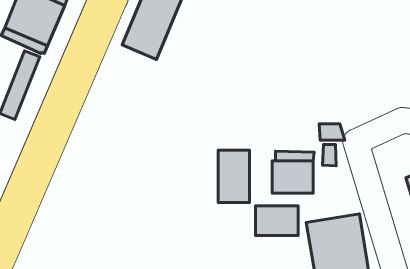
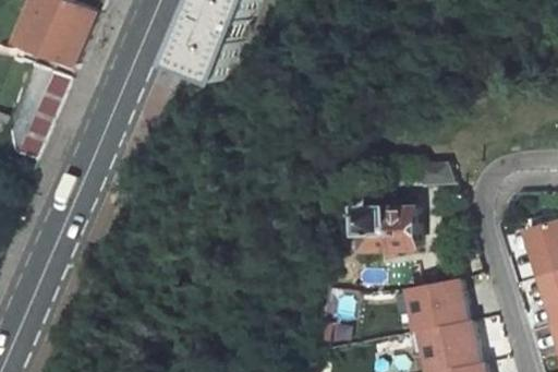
building: [218,150,250,203] -> none
building: [255,206,298,235] -> none

